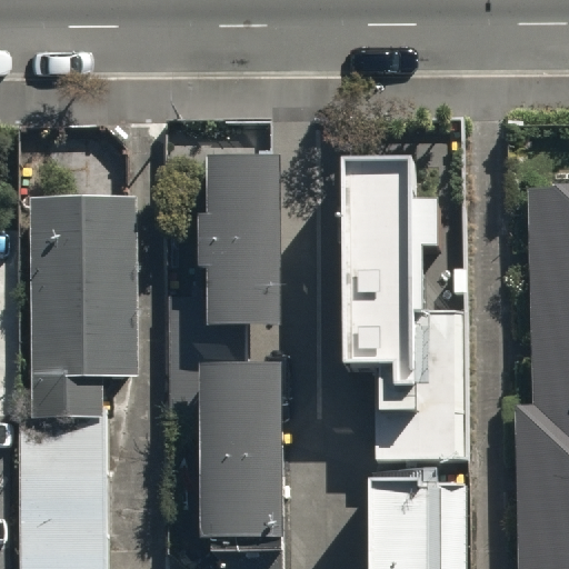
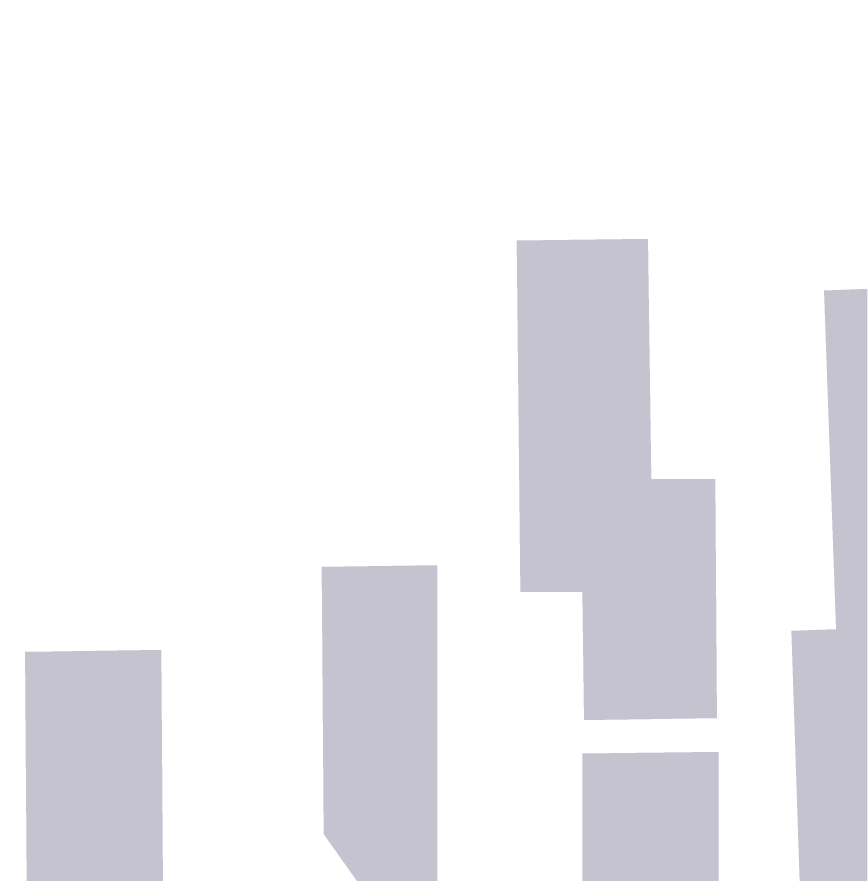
building: [210,153,288,322] -> none
building: [32,196,134,420] -> none

